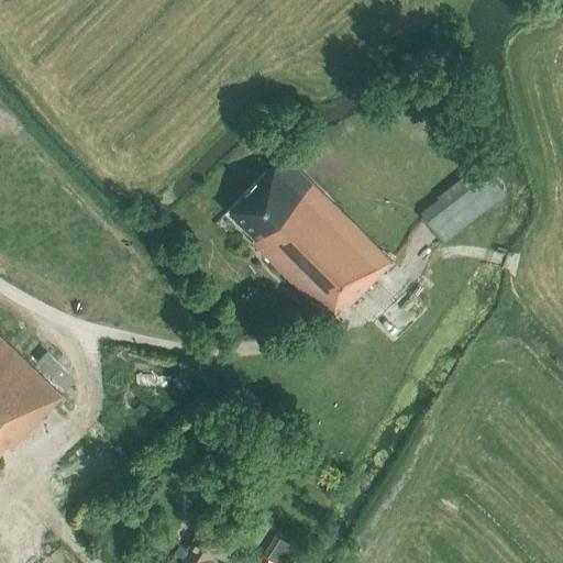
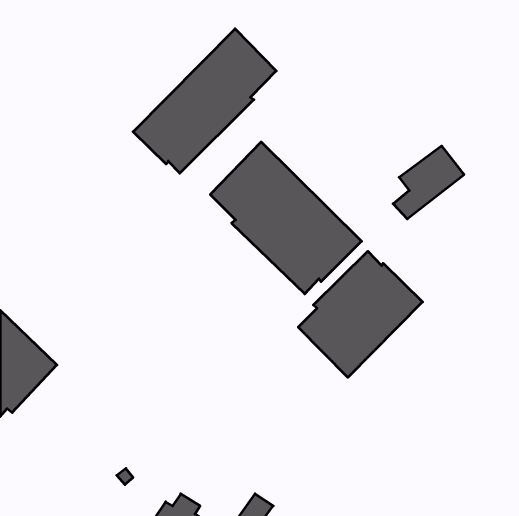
building: none -> [133,29,276,173]
building: none -> [298,251,423,377]

